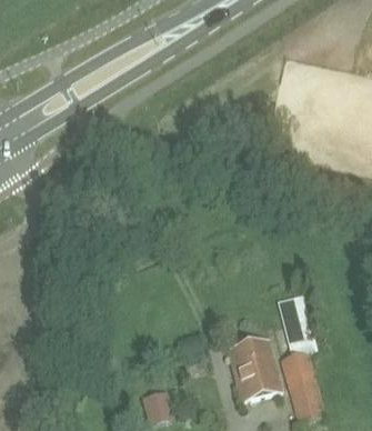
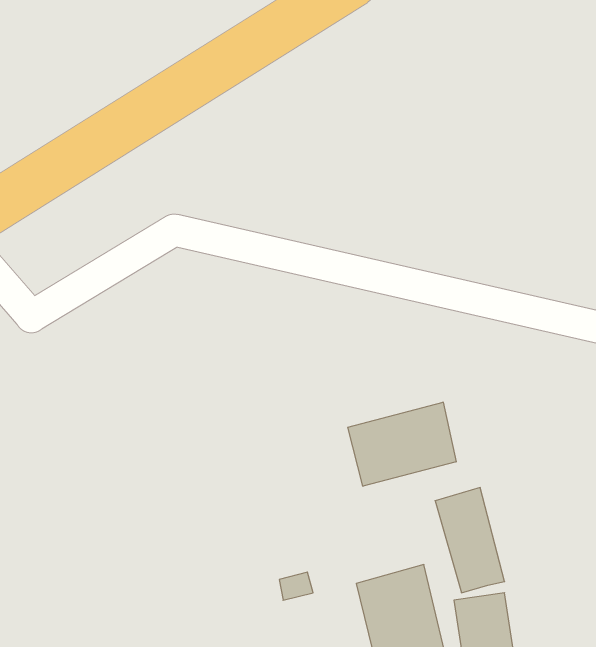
building: none -> [348,402,456,486]

